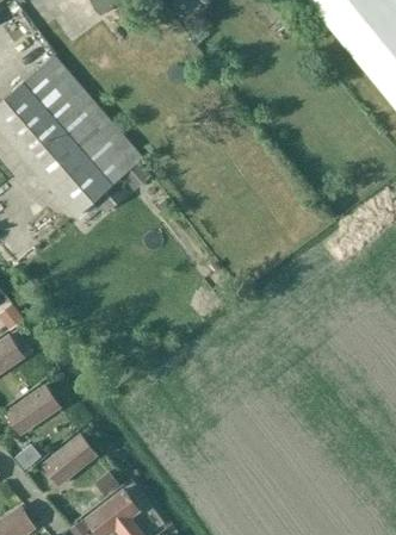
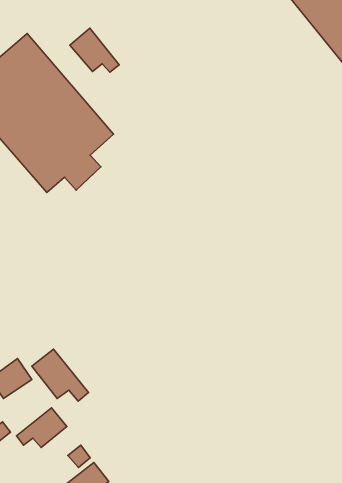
building: none -> [70,28,119,72]
building: none -> [32,349,88,401]

